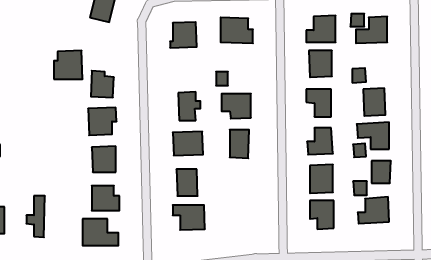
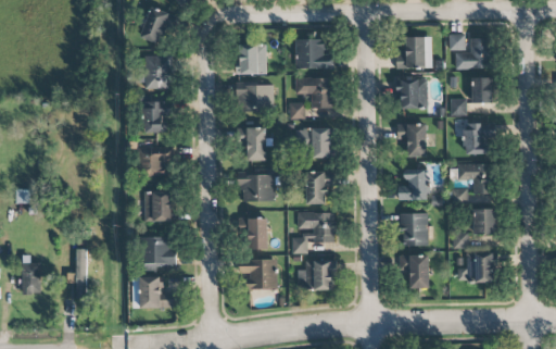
building: none -> [295,77,332,108]
building: none -> [469,77,492,102]
building: [54,51,83,79] -> [139,54,173,88]
building: none -> [237,83,274,111]
building: none -> [292,212,336,253]
building: none -> [298,260,334,289]

